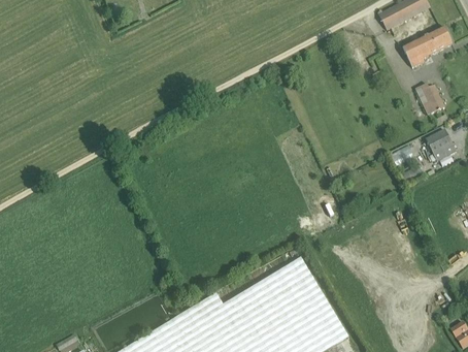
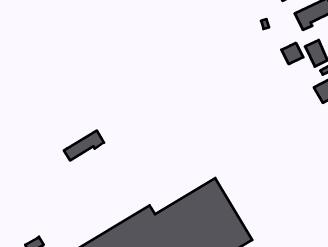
building: none -> [281,43,303,64]
building: none -> [64,131,104,160]

